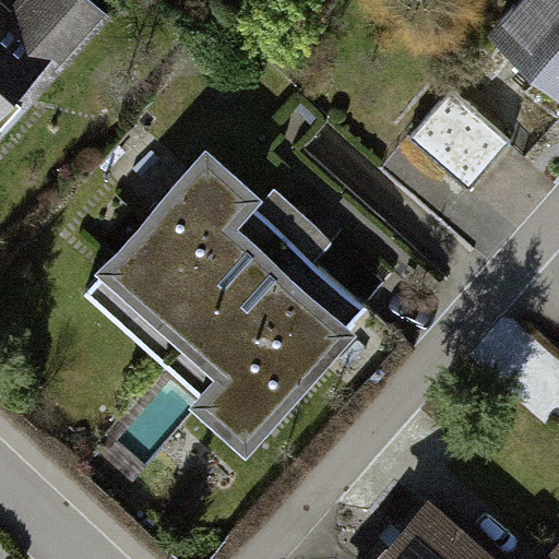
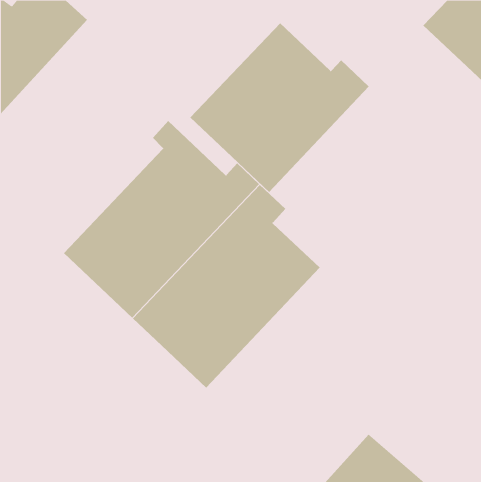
building: none -> [190,22,369,193]
building: [416,85,516,185] -> none

